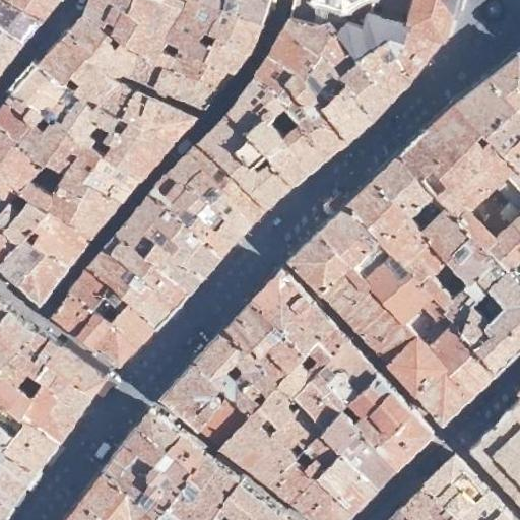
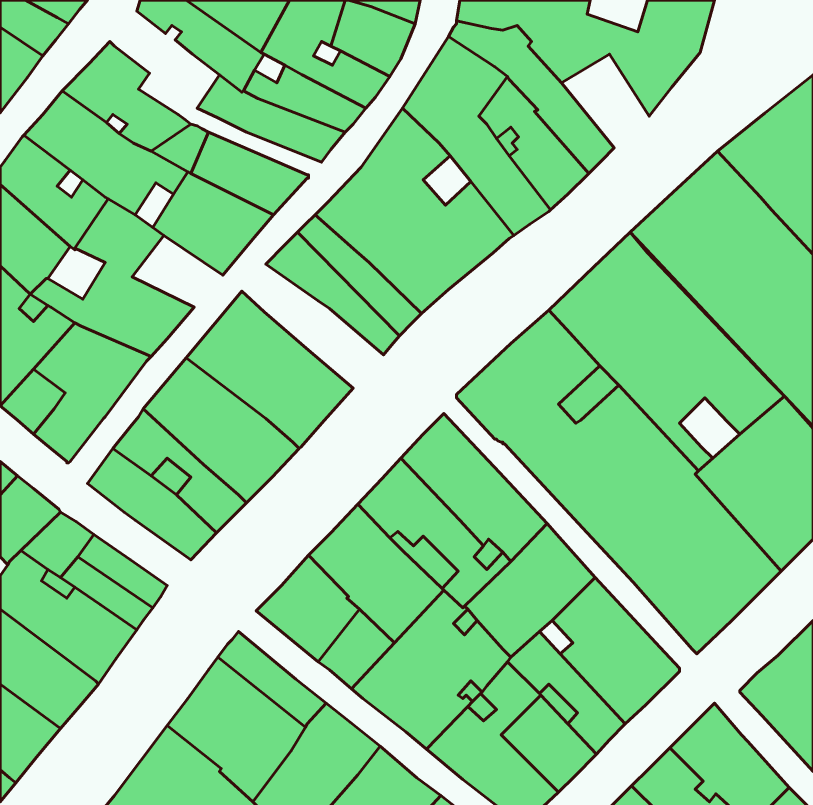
building: [70,12,140,78] -> none
building: [359,40,414,100] -> none
building: [84,155,142,201] -> none
building: [154,174,245,253] -> none

